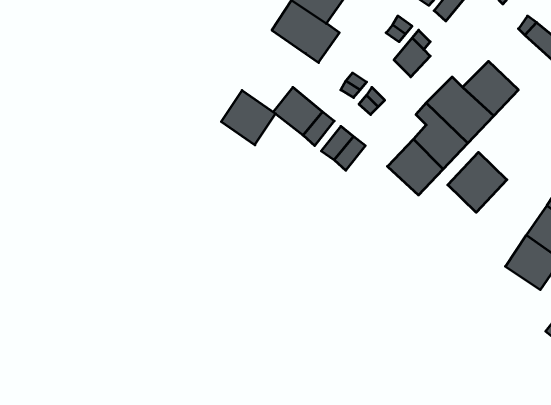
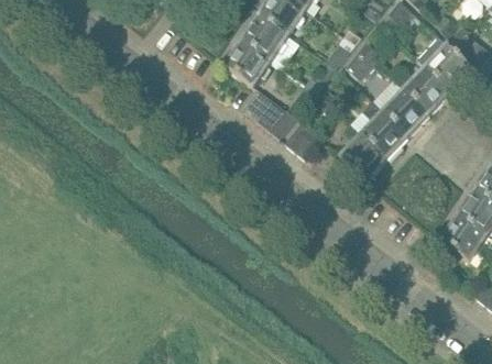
building: none -> [417,33,472,88]
building: [221,90,276,145] -> [225,37,271,84]
building: [448,152,507,212] -> none

